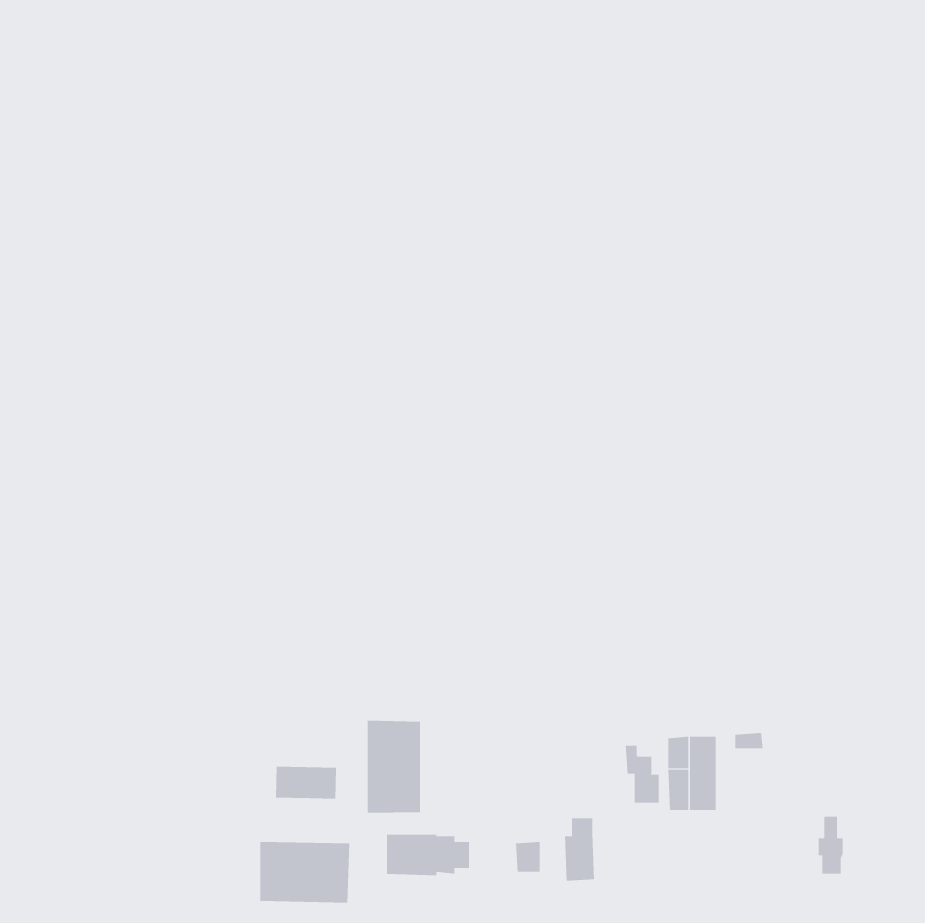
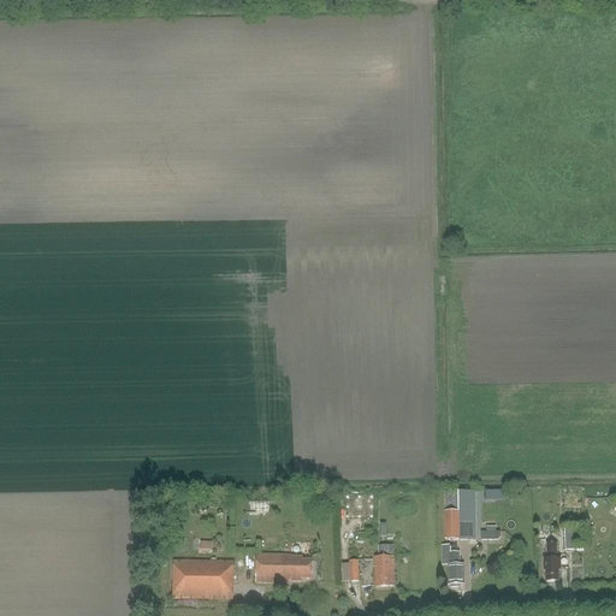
building: [367,720,420,813] -> none
building: [625,745,659,803] -> [440,544,463,582]
building: [275,766,336,799] -> none

